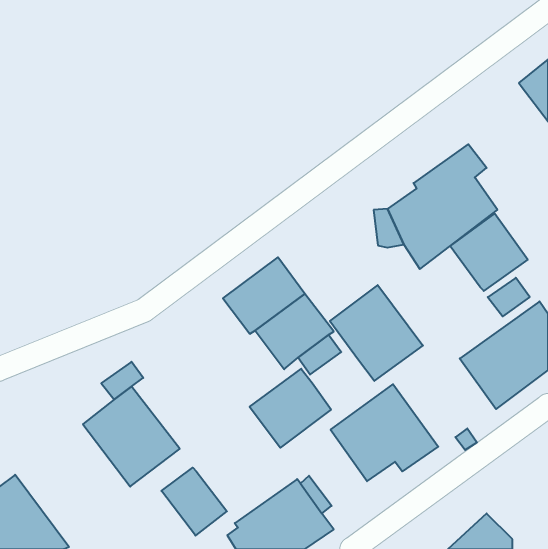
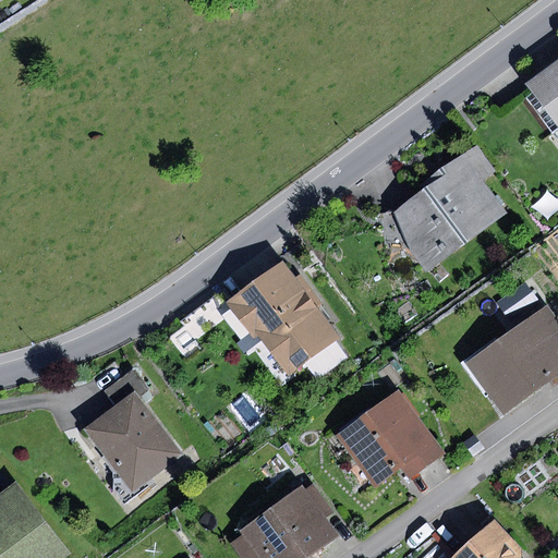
building: [450,214,528,291] -> none
building: [330,285,423,381] -> none
building: [250,369,331,448] -> none
building: [161,468,227,536] -> none

